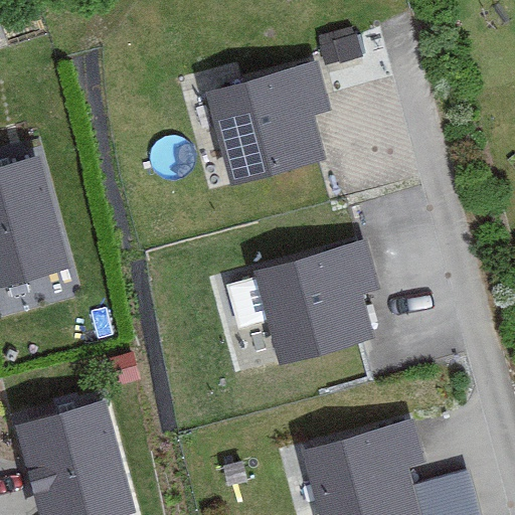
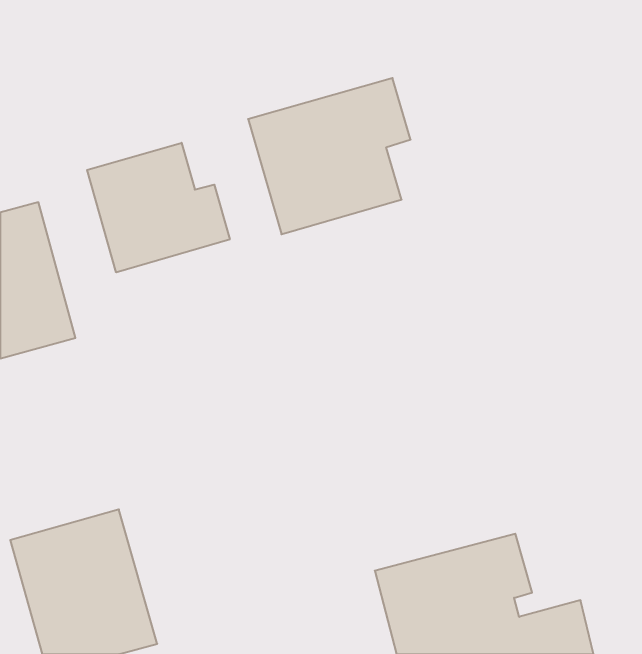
building: none -> [87,143,230,272]
building: [252,240,380,363] -> none

